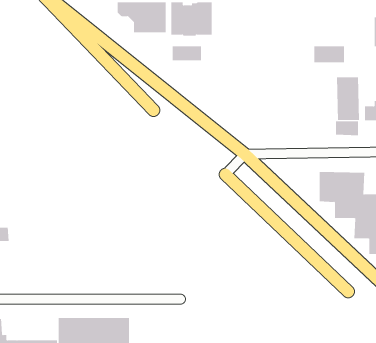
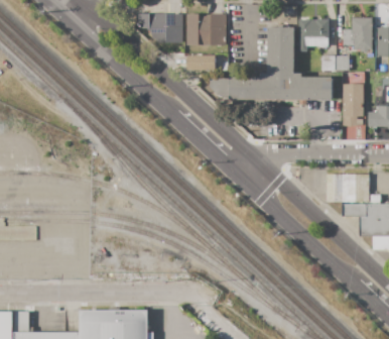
building: none -> [343,18,371,51]
building: none -> [299,20,329,51]
building: none -> [210,27,334,100]

